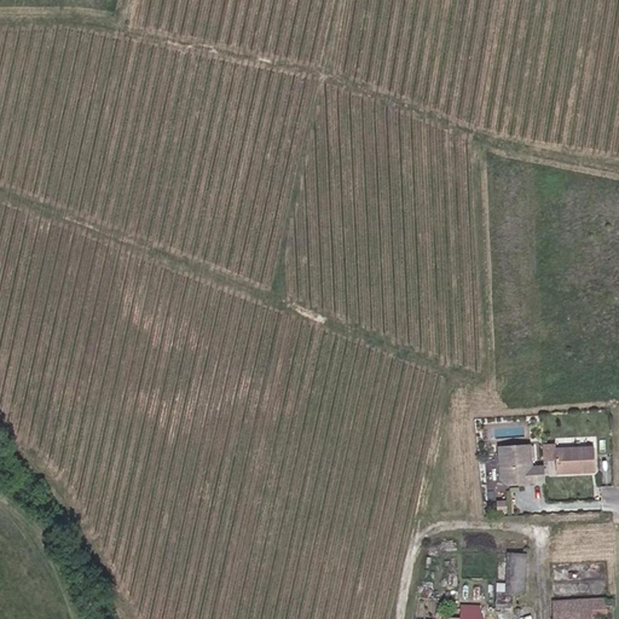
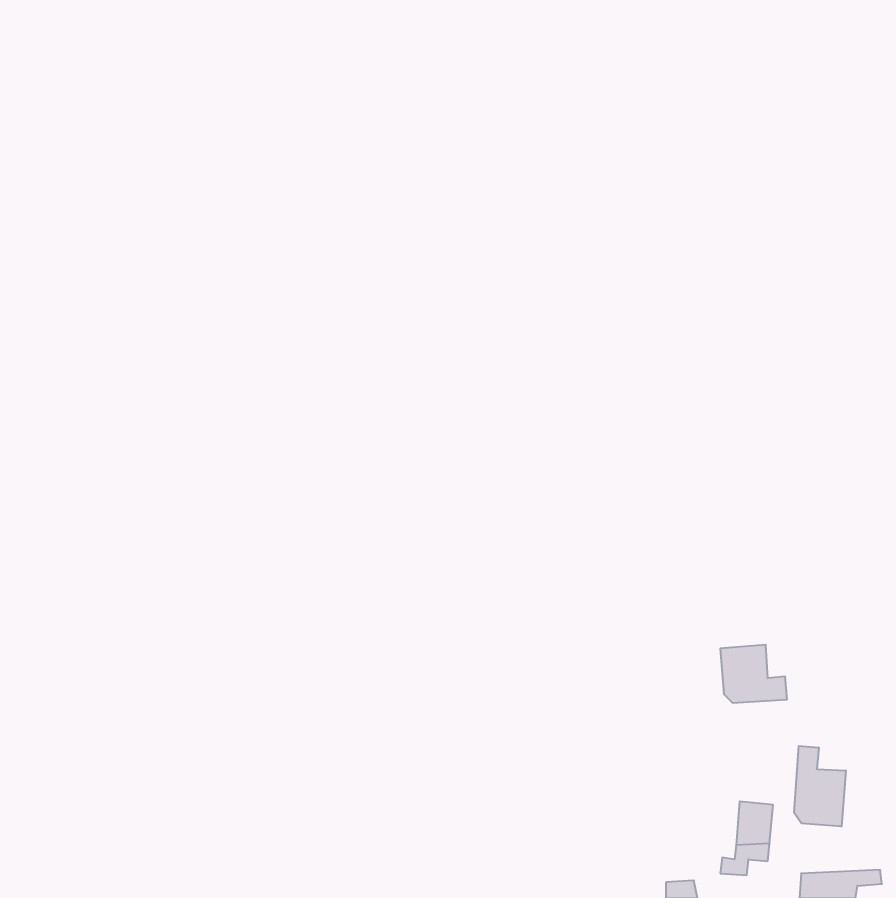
building: [553,445,592,472] -> none
building: none -> [794,746,846,827]

